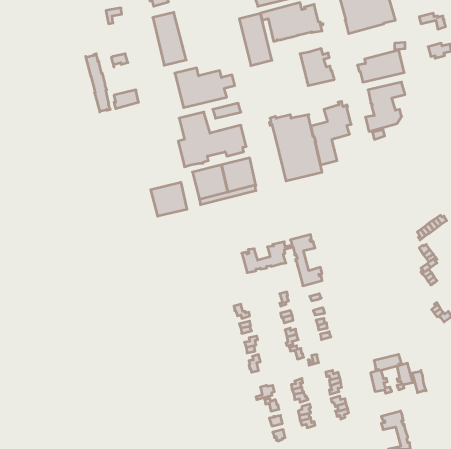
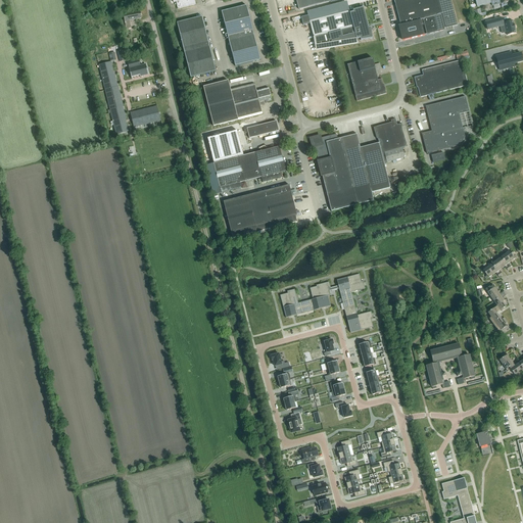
building: [239,14,272,66] -> [222,4,259,64]
building: [151,182,187,216] -> none
building: [371,354,413,393] -> [426,342,475,387]

